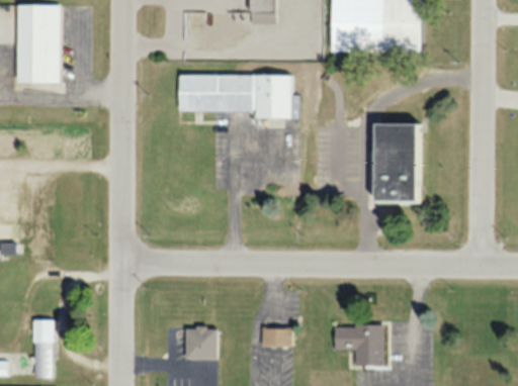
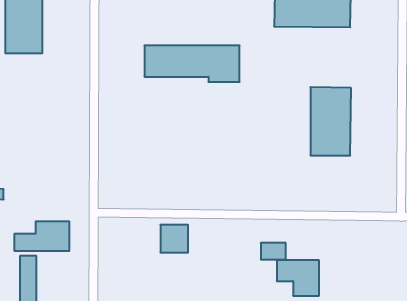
building: none -> [15,221,69,251]
building: [185,326,218,359] -> [160,225,188,253]
building: [262,326,291,346] -> [261,243,286,259]

